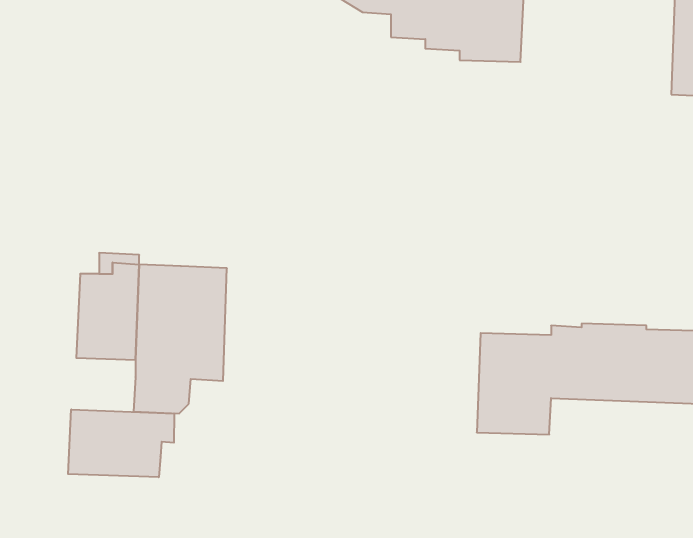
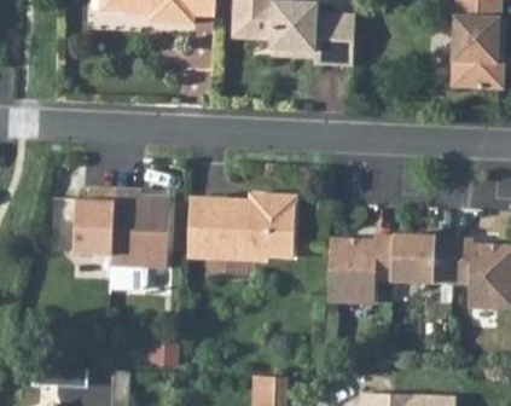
building: none -> [186,196,295,261]
building: [68,409,174,477] -> none

